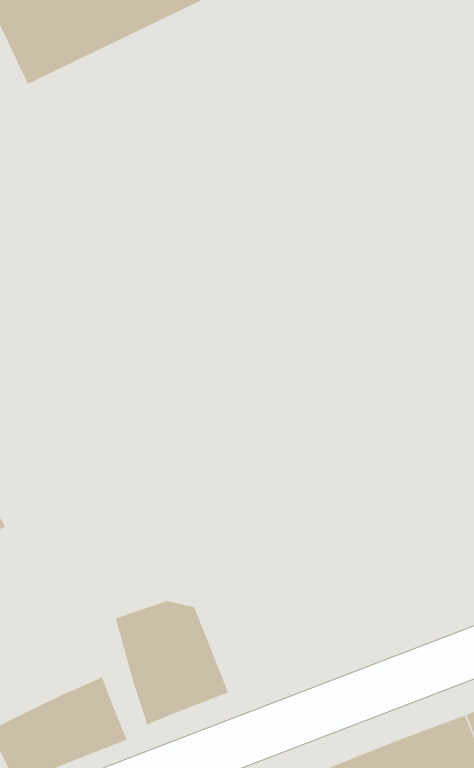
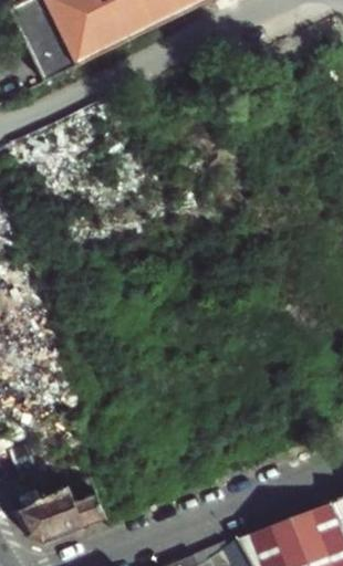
building: [115,600,229,725] -> none

